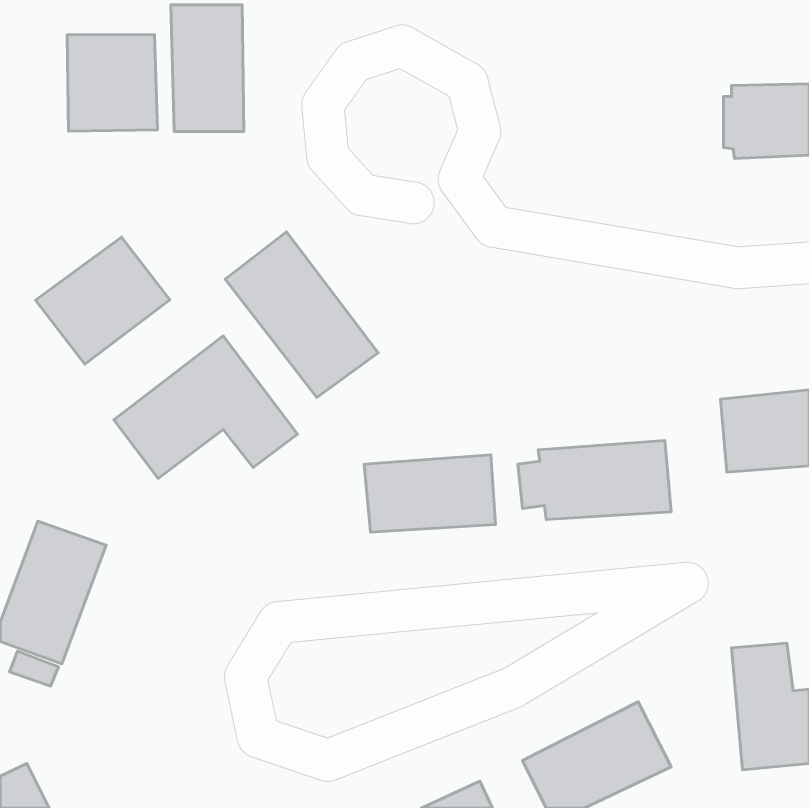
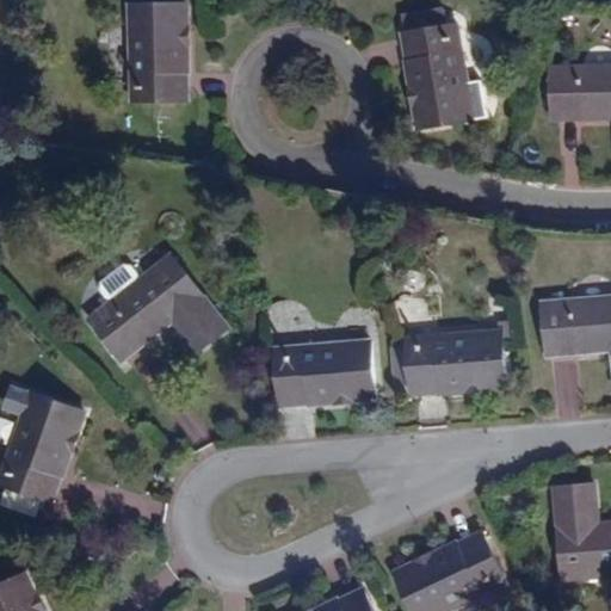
building: none -> [405,24,473,126]
building: [67,35,157,131] -> none
building: [225,232,378,398] -> none
building: [36,237,170,364] -> none

